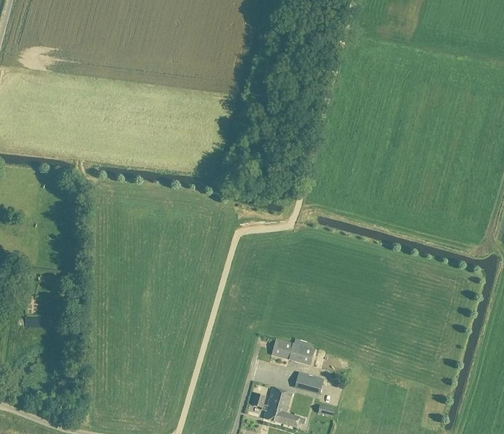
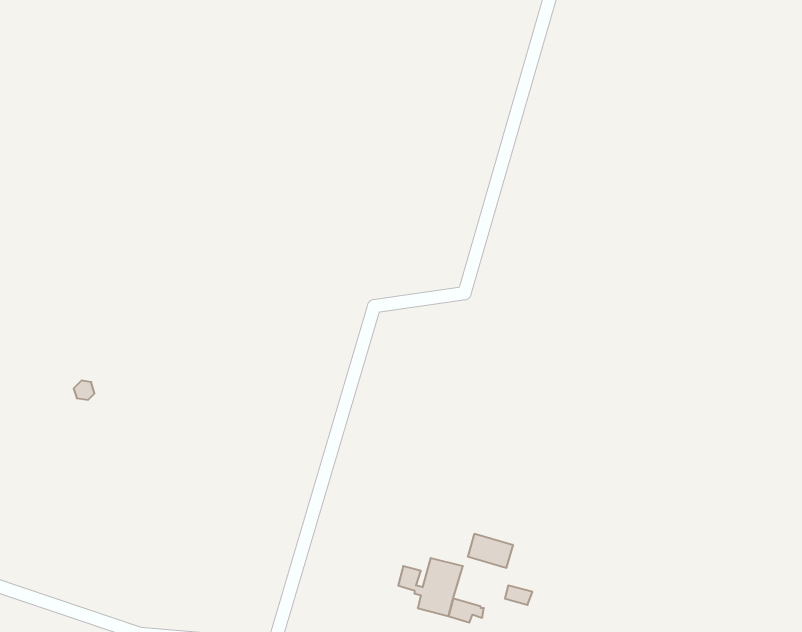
building: [270,337,313,364] -> none

